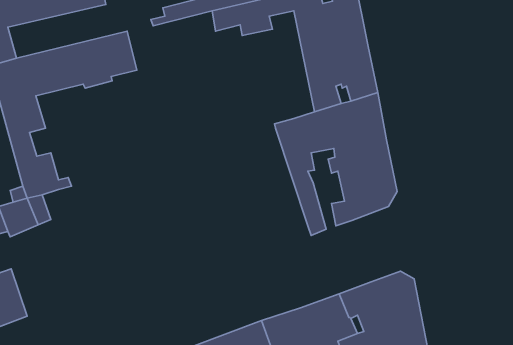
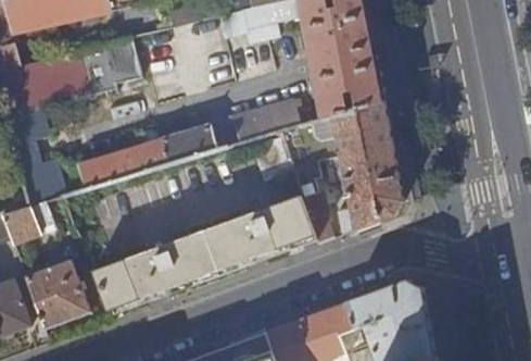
building: none -> [78,101,300,189]
building: none -> [92,135,314,311]
building: none -> [24,259,90,328]

